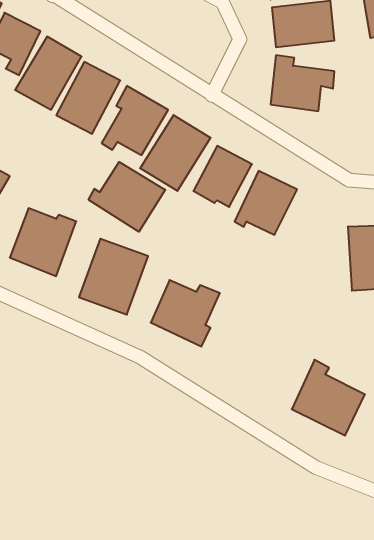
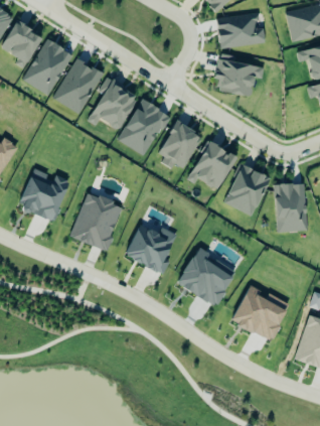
building: [89,162,165,232] -> none
building: none -> [223,164,270,216]
building: none -> [176,250,235,306]

